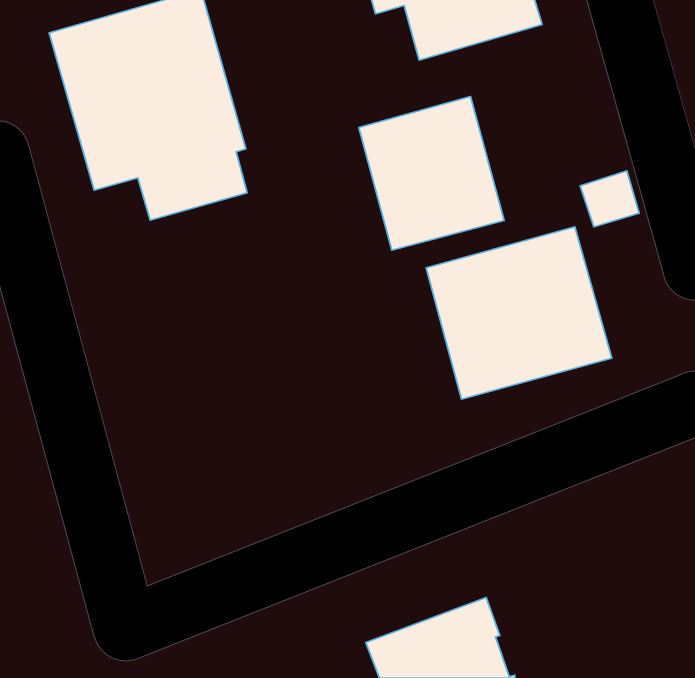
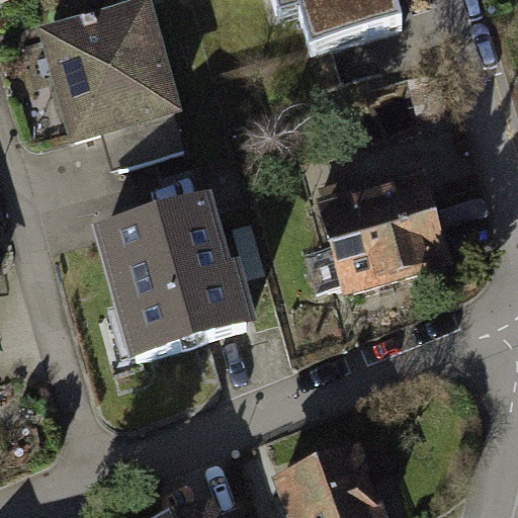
building: [359,97,504,250] -> none
building: none -> [94,198,254,360]

